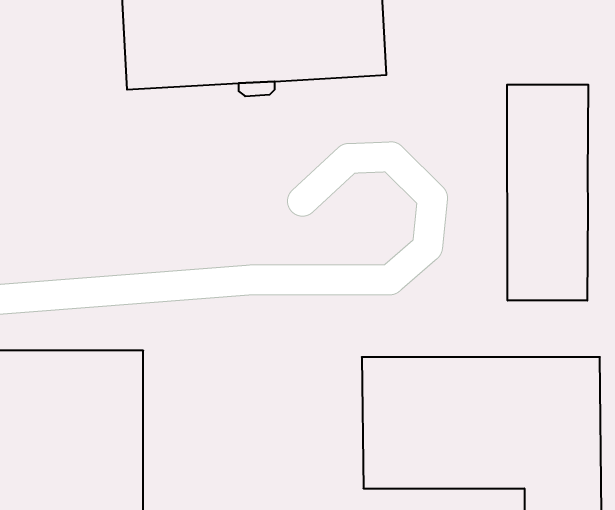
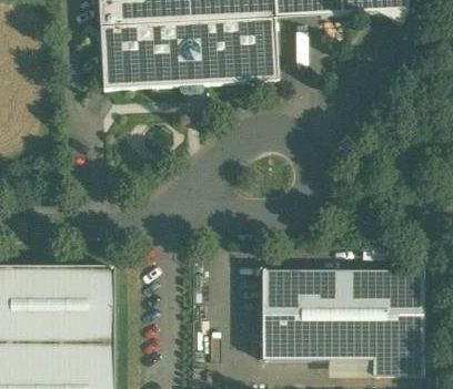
building: [507,85,588,301] -> none

